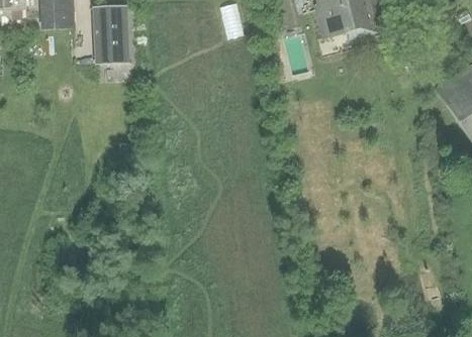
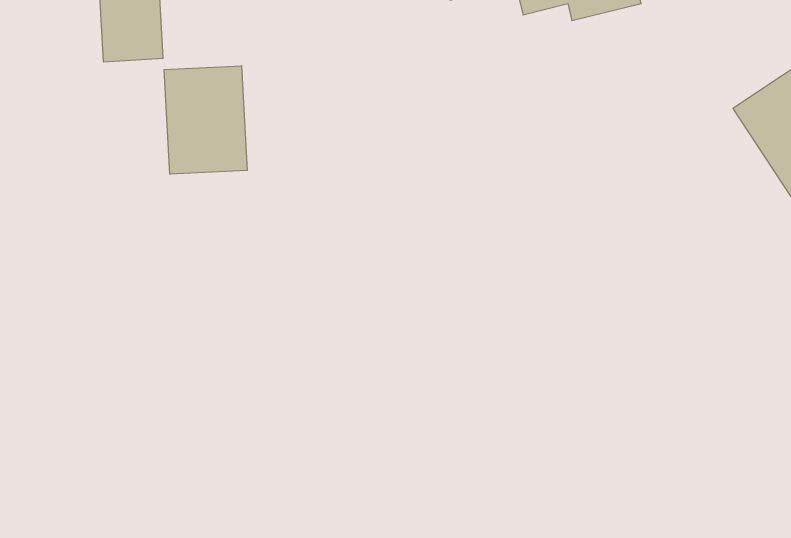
building: none -> [164,66,247,174]

